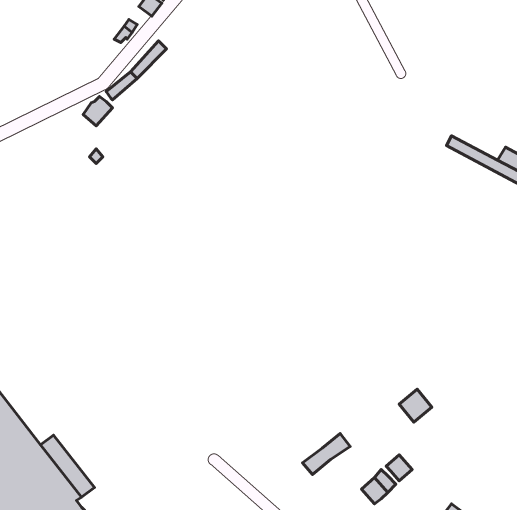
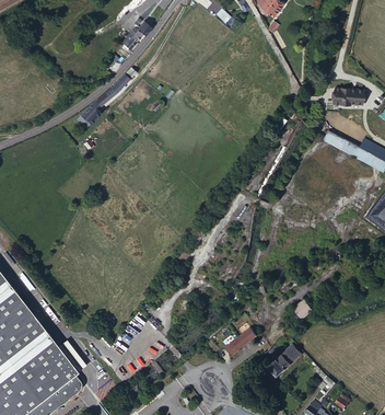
building: none -> [334,89,363,105]

